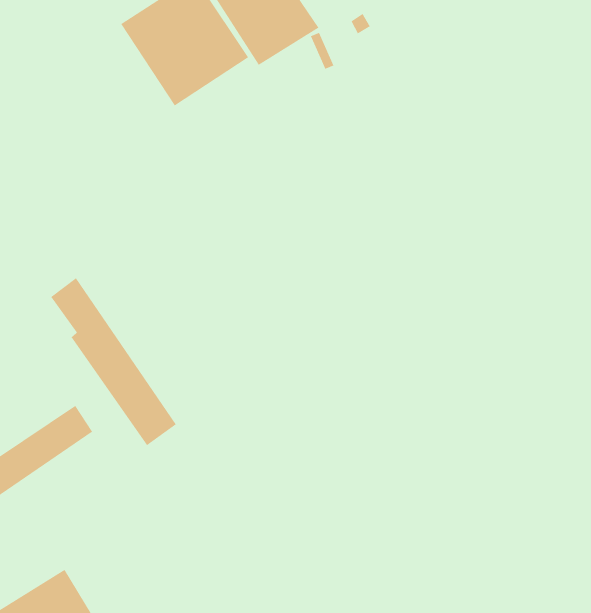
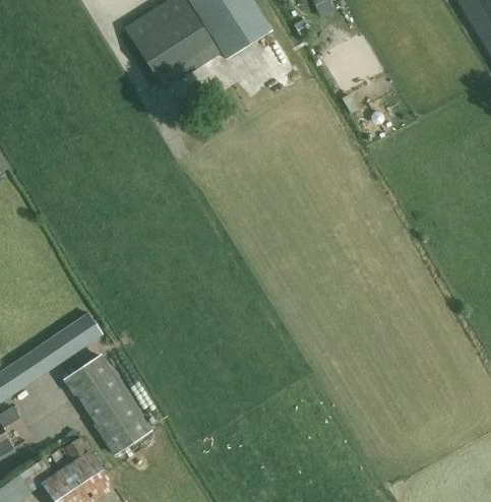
building: [50,277,177,446] -> none
building: none -> [62,354,152,455]

